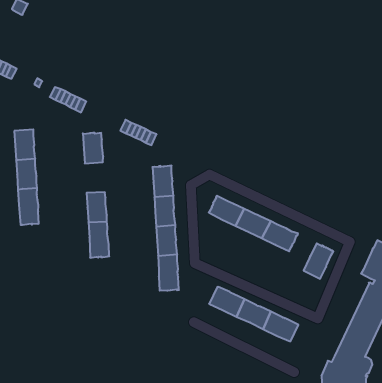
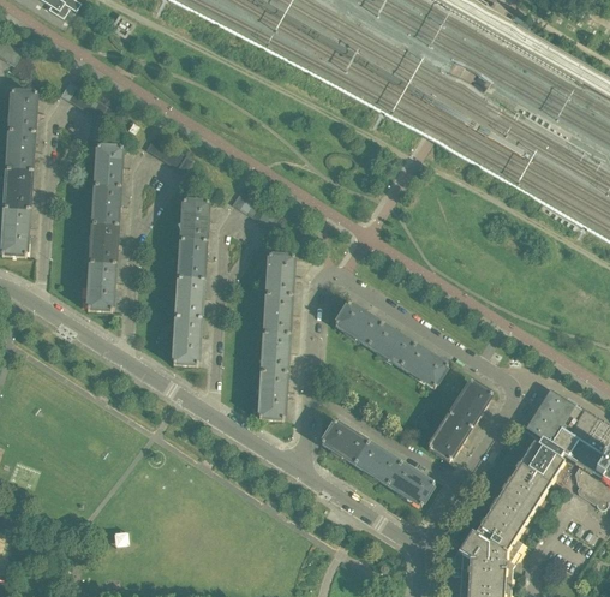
building: none -> [94,144,121,185]
building: none -> [178,238,204,279]
building: none -> [426,413,468,459]

